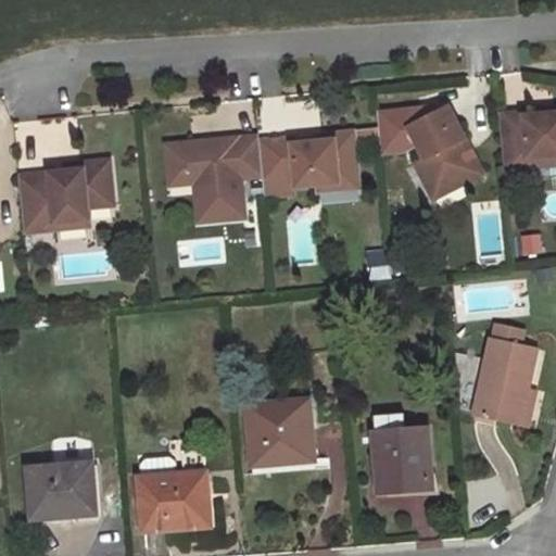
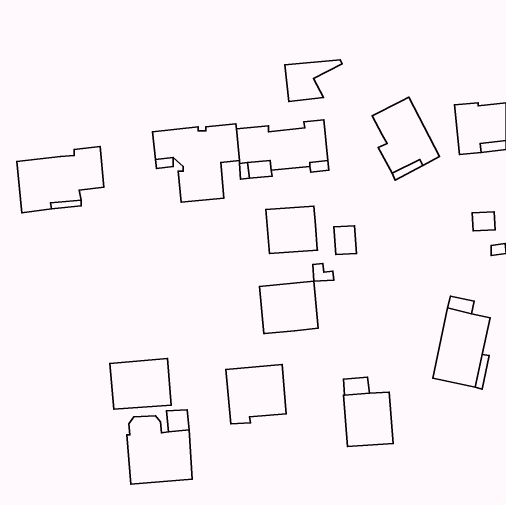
building: [377,106,440,152] -> [285,60,342,101]
building: none -> [266,206,317,253]
building: none -> [260,281,318,334]
building: [29,463,97,518] -> [110,359,171,409]

